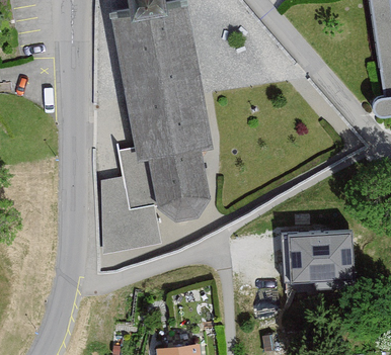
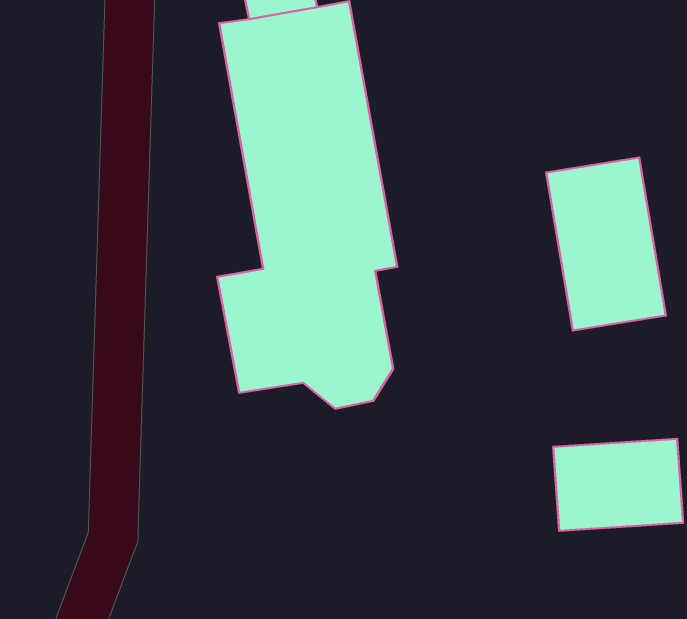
building: none -> [546,157,666,331]

